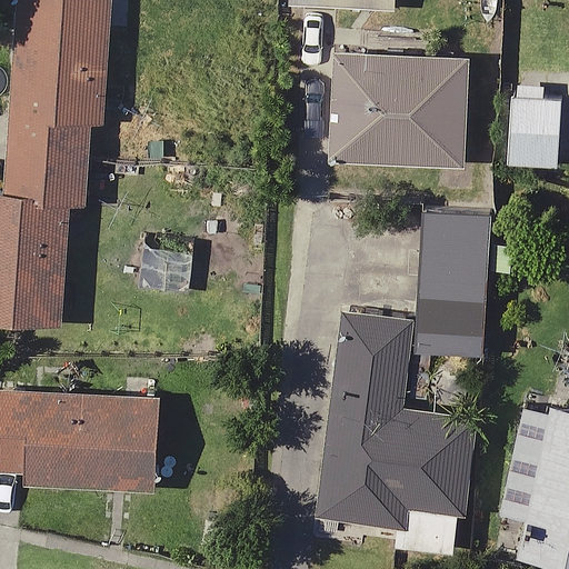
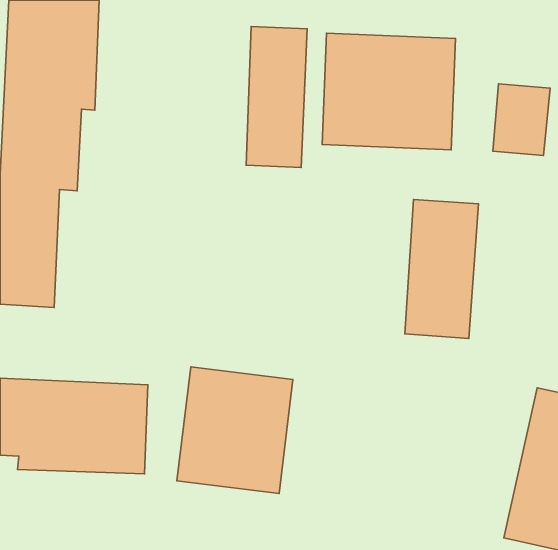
building: none -> [246,27,307,167]
building: [319,317,473,556] -> none
building: none -> [177,367,293,494]

